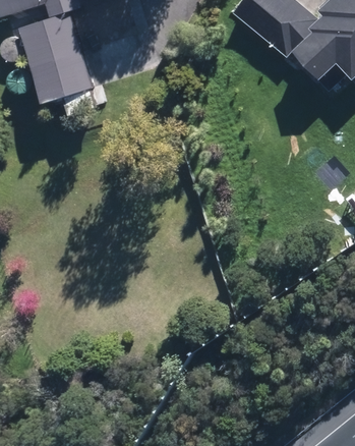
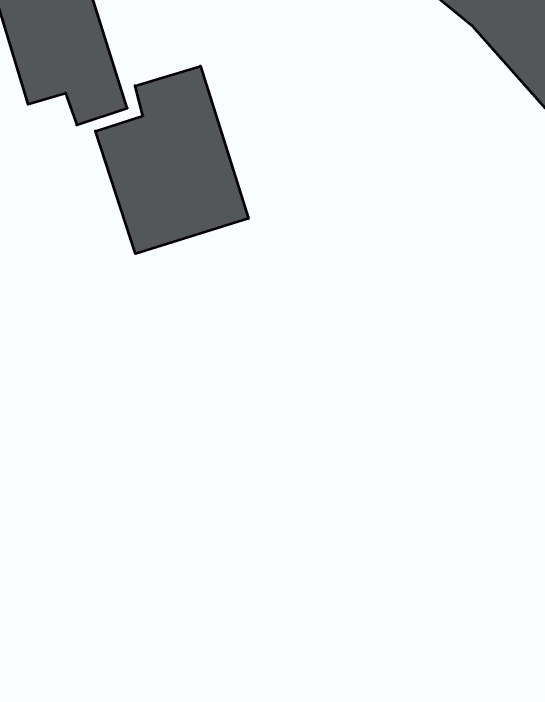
building: none -> [95,66,248,254]

